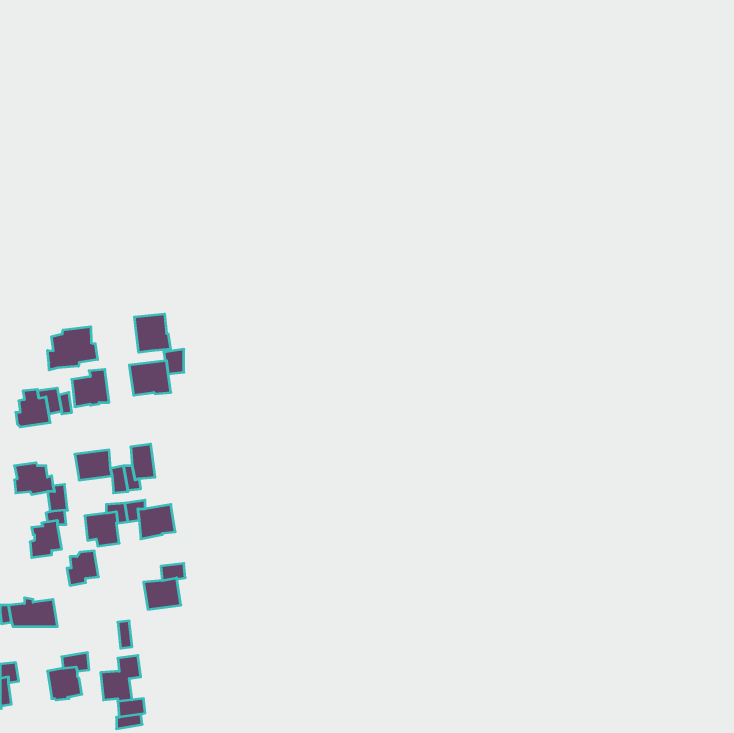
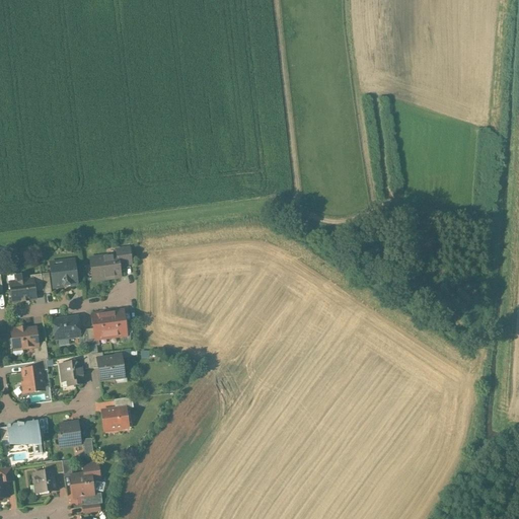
building: [134,314,170,352] -> none
building: [48,327,98,370] -> none
building: none -> [106,311,126,337]
building: [67,551,99,585] -> [58,423,80,447]

